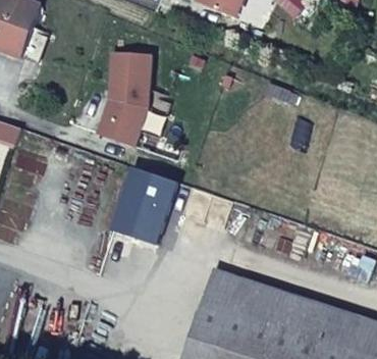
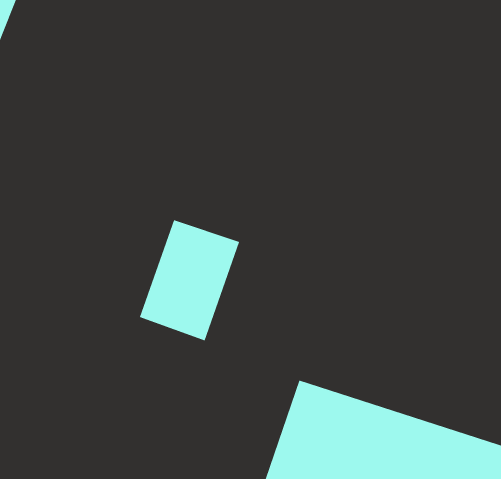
building: [98,51,152,145] -> none

